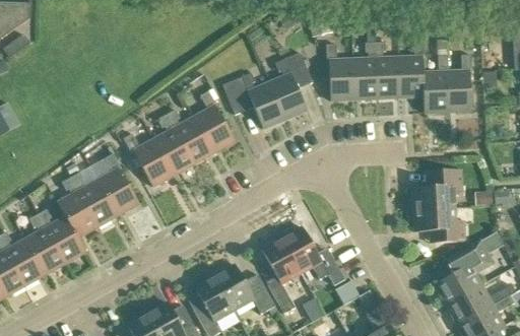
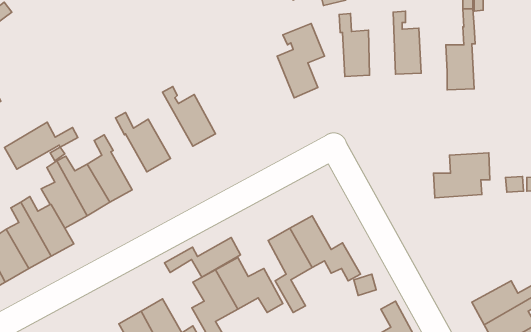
building: [398,41,425,97] -> none
building: [352,43,377,99] -> none
building: [446,55,472,112] -> none
building: [222,73,285,129] -> none
building: [195,90,235,152] -> none
building: [153,115,194,175] -> none
building: none -> [5,122,78,169]
building: [412,207,465,243] -> none
building: [435,241,489,305] -> none
building: none -> [165,238,241,277]

